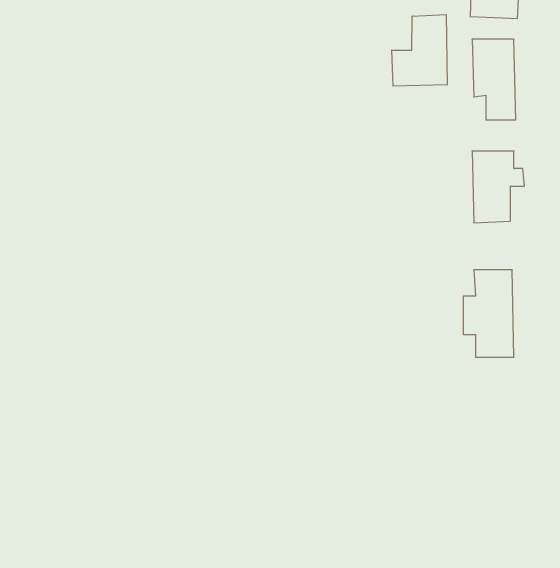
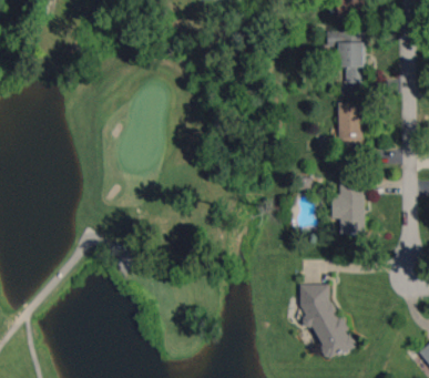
building: [392,15,447,86] -> none
building: none -> [300,285,355,361]

